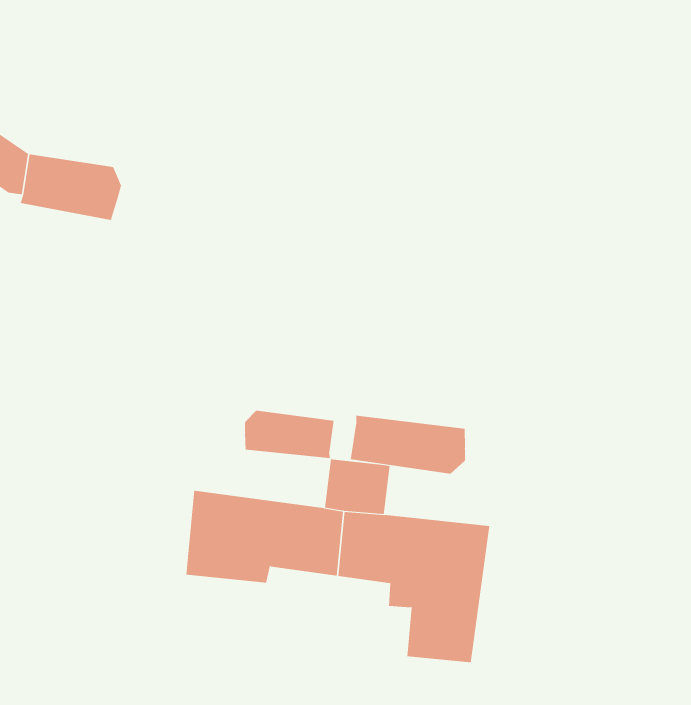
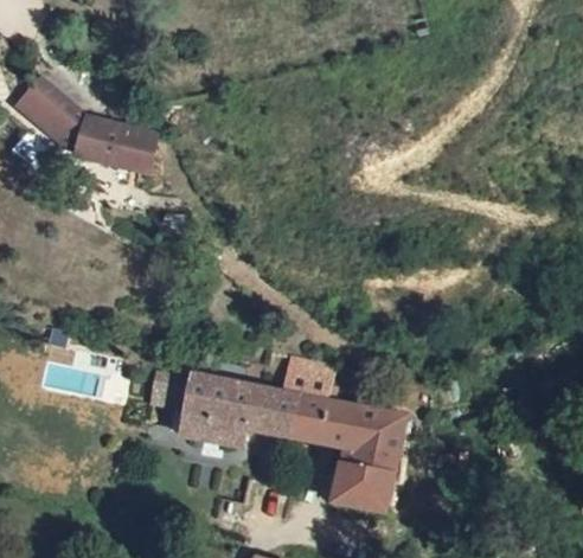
building: [245,410,334,459] -> none
building: [350,415,465,475] -> none

